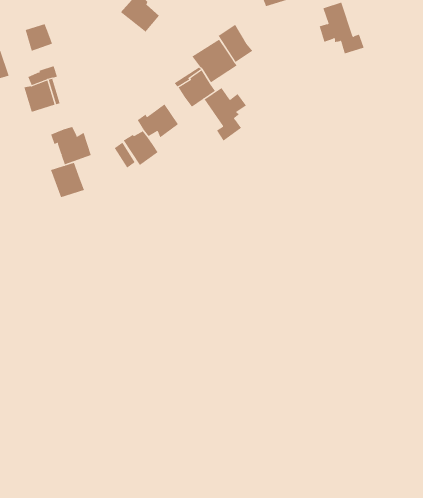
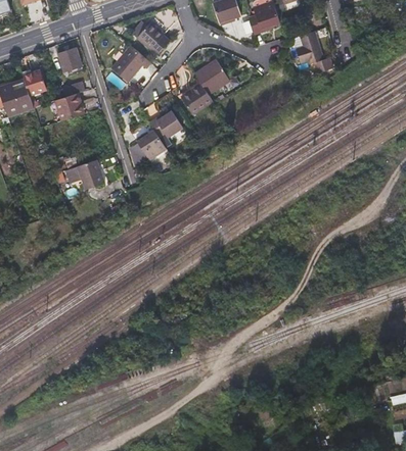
building: none -> [111,46,149,82]
building: [218,24,253,63] -> none
building: [204,87,247,141] -> none
building: [51,126,92,165] -> none

